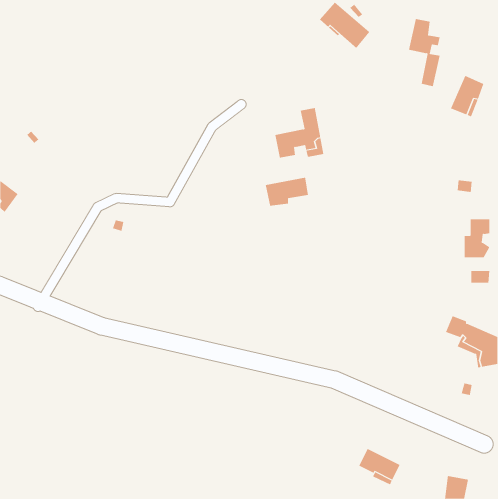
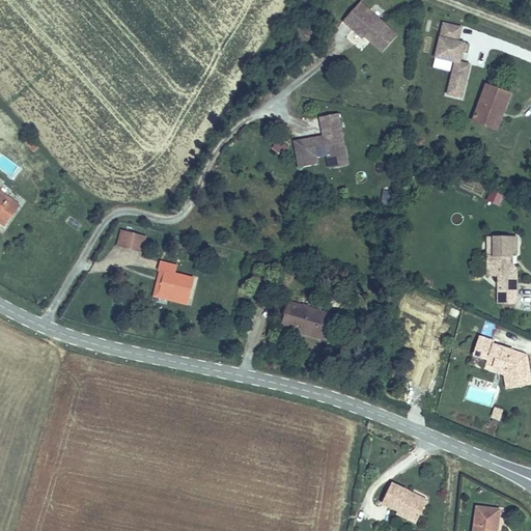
building: [265,177,308,207] -> none
building: none -> [158,266,193,301]
building: none -> [282,303,333,341]

